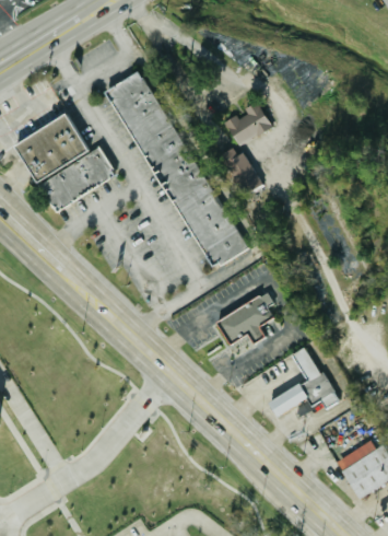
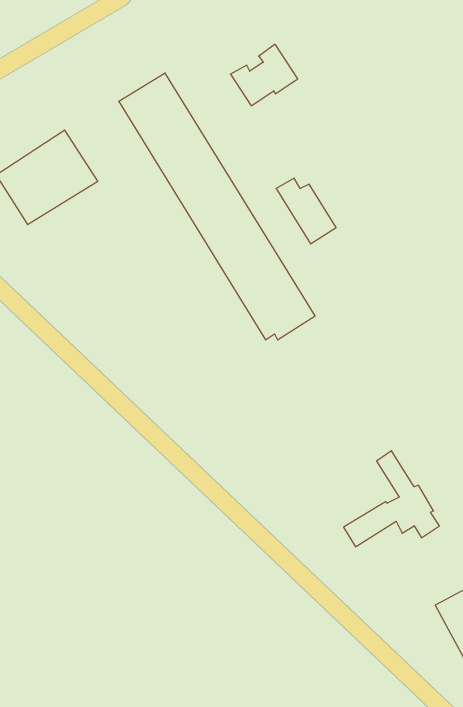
building: [224,100,273,144] -> [230,44,298,106]
building: [39,144,116,212] -> none
building: [217,291,273,342] -> none

